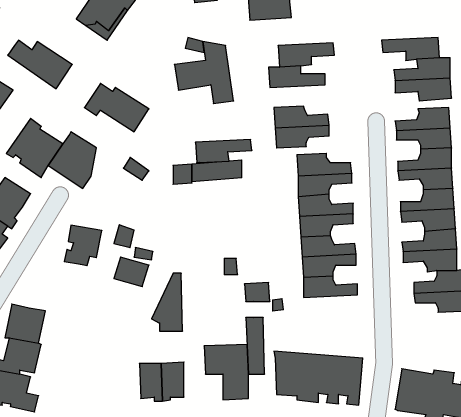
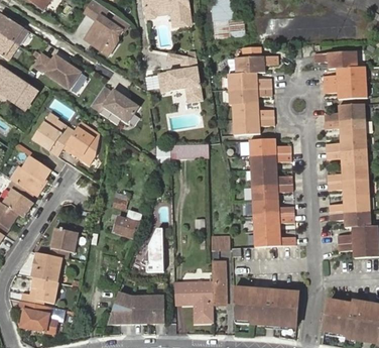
building: [195,140,252,162] -> [230,87,272,104]
building: [64,225,102,266] -> [49,227,78,257]
building: none -> [109,292,133,325]

